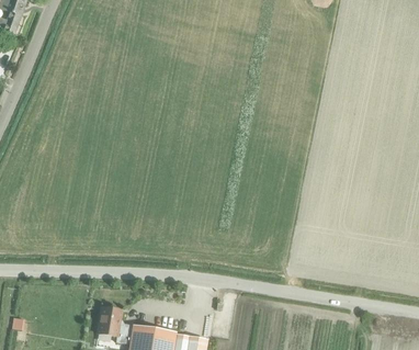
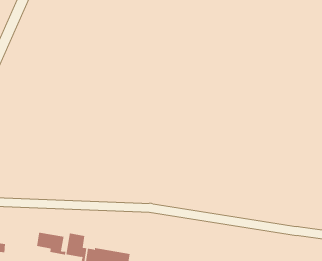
building: none -> [36,232,66,255]

